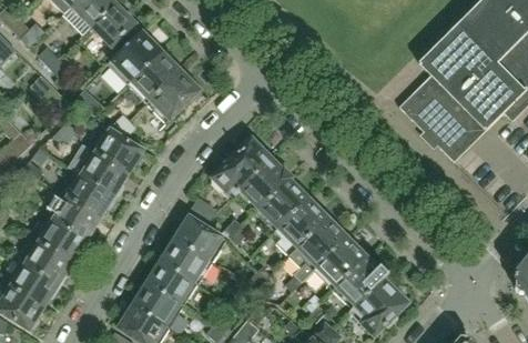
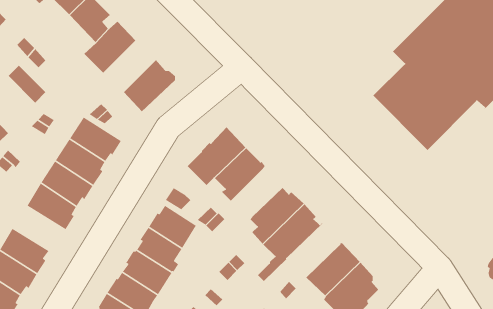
building: [128,50,181,102] -> none
building: [256,179,311,228] -> none
building: [35,216,90,262] -> none
building: [313,234,366,289] -> none

